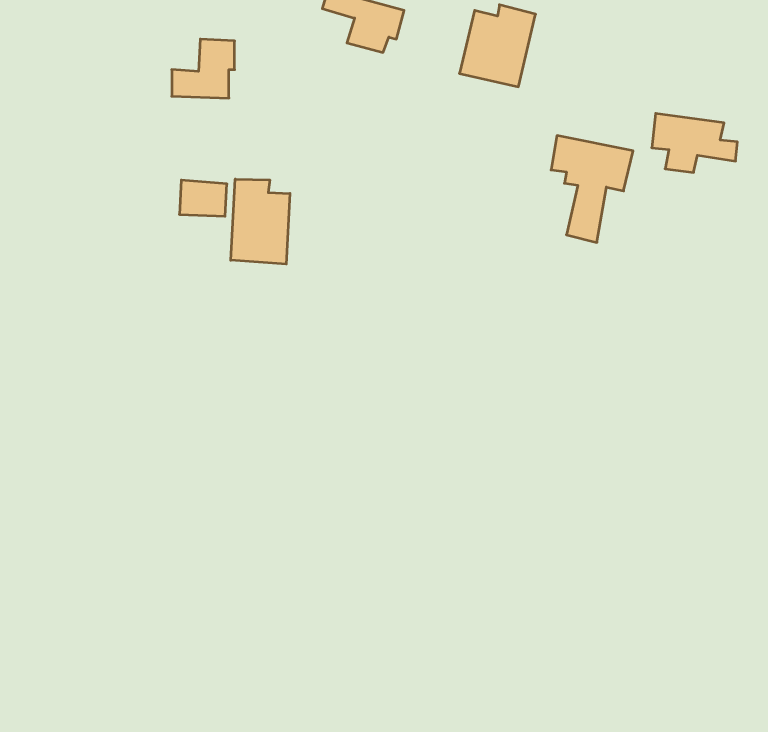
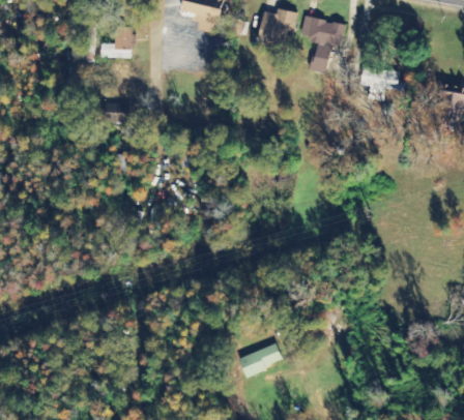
building: [551,136,633,242] -> [301,16,346,73]
building: [231,179,290,264] -> none
building: none -> [237,342,282,376]

